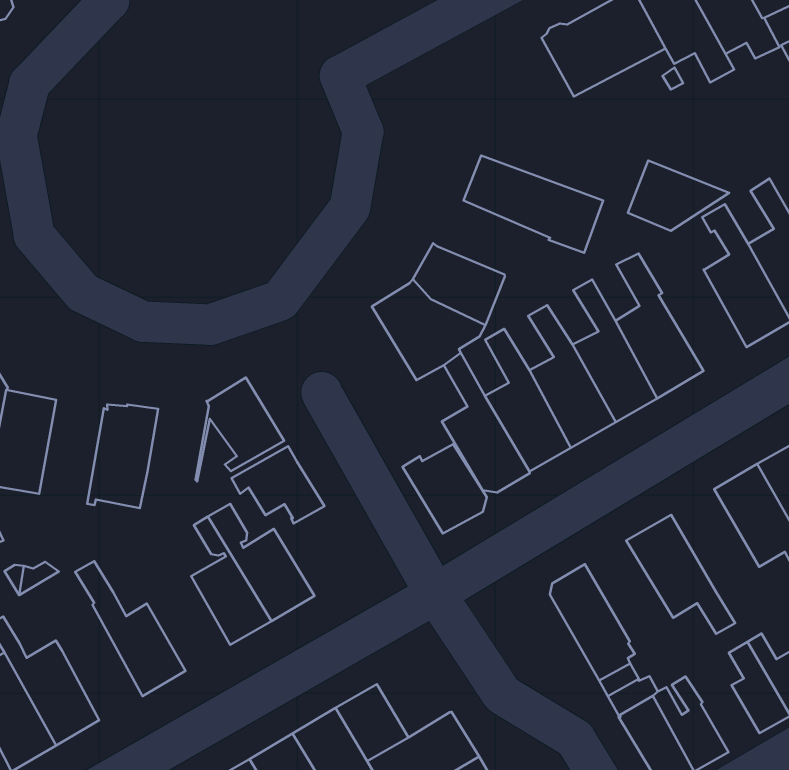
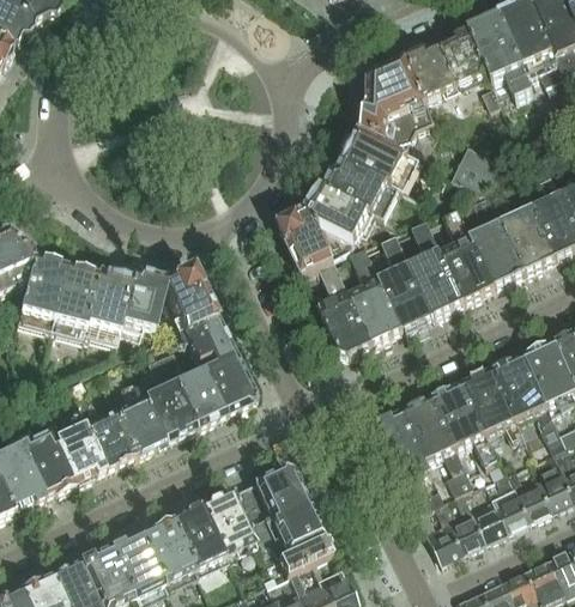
building: none -> [359,57,435,148]
building: none -> [325,160,400,221]
building: none -> [468,193,523,287]
building: none -> [120,272,164,329]
building: none -> [47,268,95,339]
building: [403,444,487,534] -> [200,354,254,413]
building: none -> [464,366,525,438]
building: none -> [404,395,476,493]
building: none -> [111,377,164,455]
building: none -> [53,406,103,482]
building: none -> [259,466,305,512]
building: none -> [472,497,509,541]

